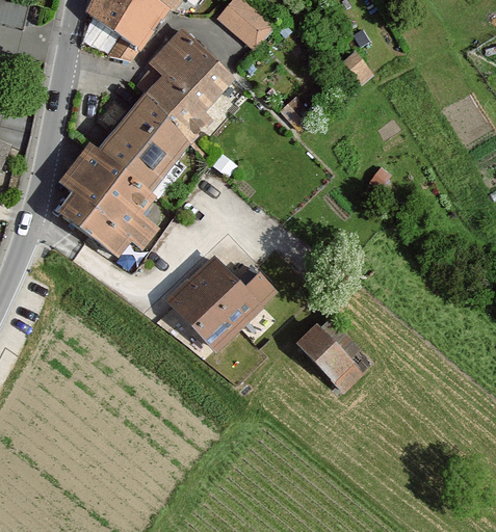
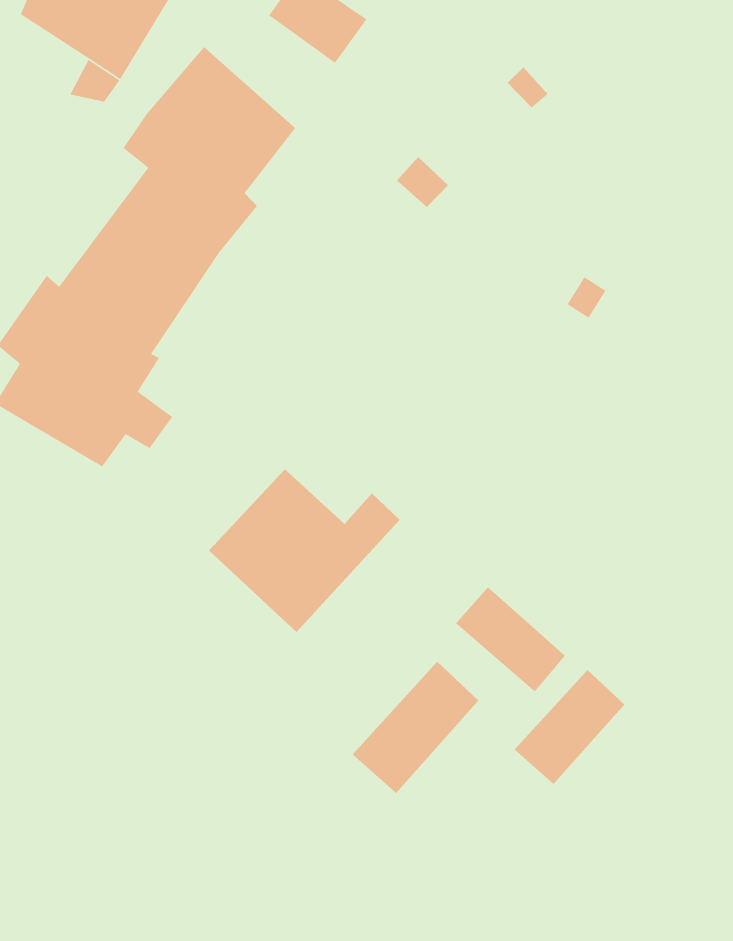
building: none -> [352,661,479,794]
building: none -> [514,669,625,785]

